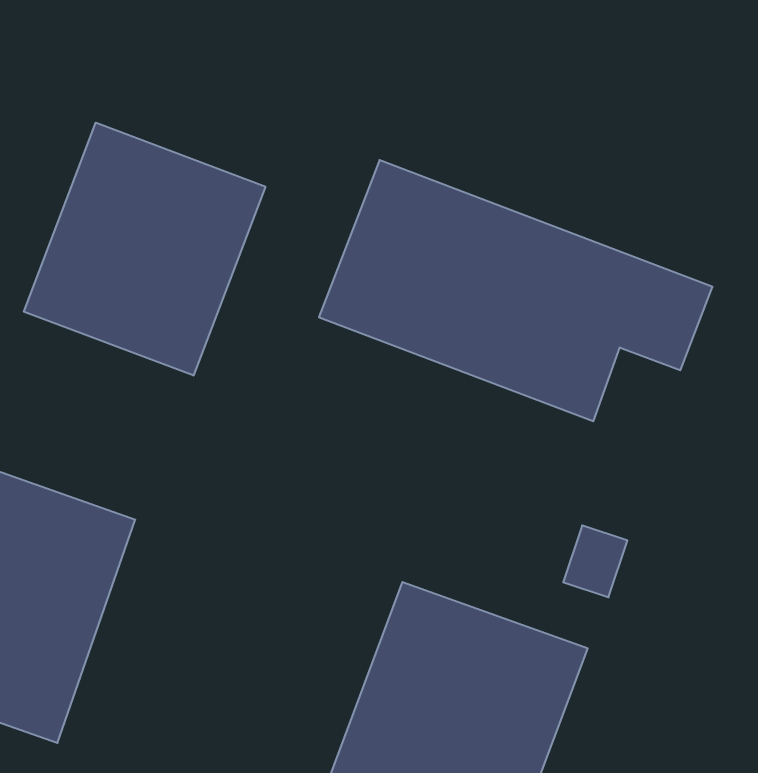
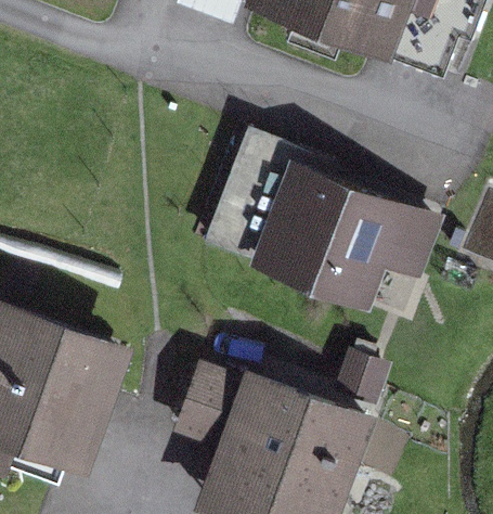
building: [24,123,265,376] -> none

